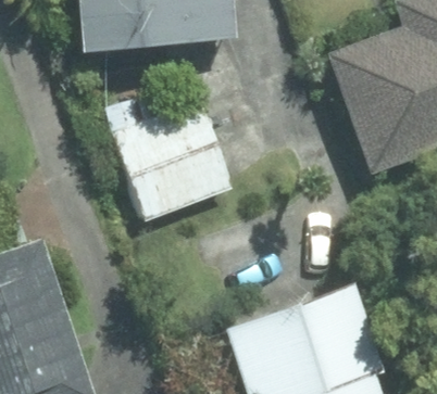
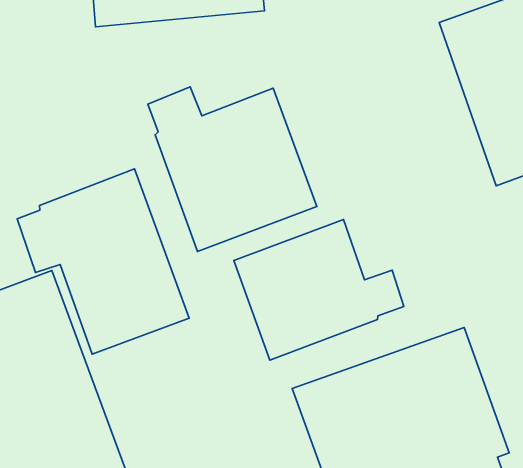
building: none -> [17,169,189,354]
building: none -> [234,220,404,360]

